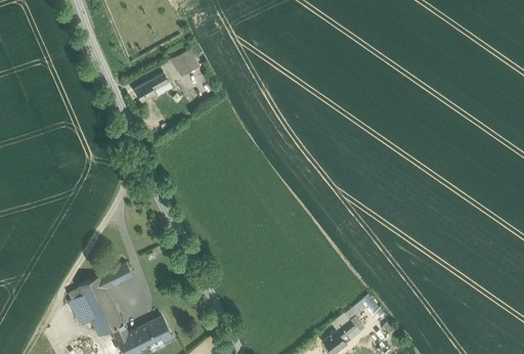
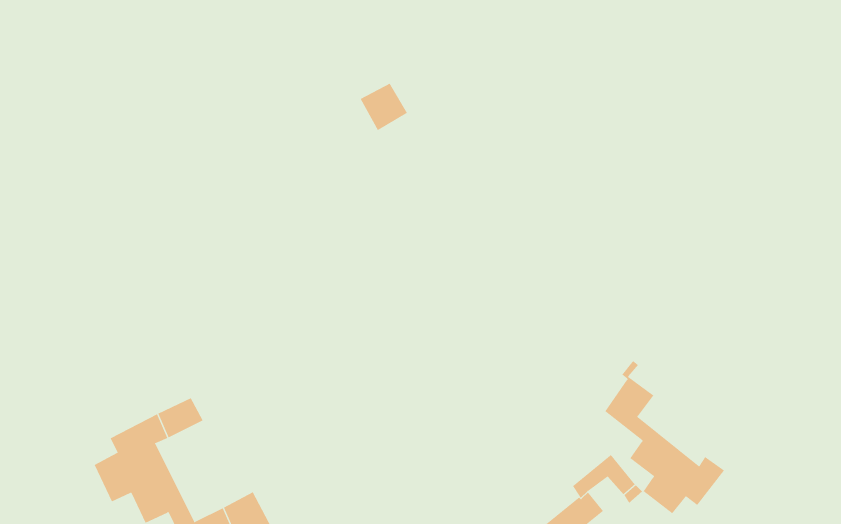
building: [170,48,198,76] -> [360,83,408,131]
building: [133,71,170,100] -> none
building: none -> [604,360,725,514]

